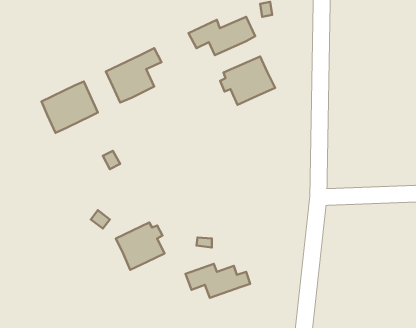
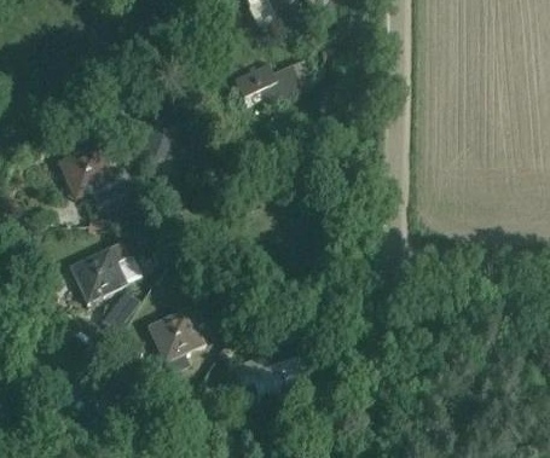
building: [220,56,275,105] -> none
building: none -> [69,242,128,303]

